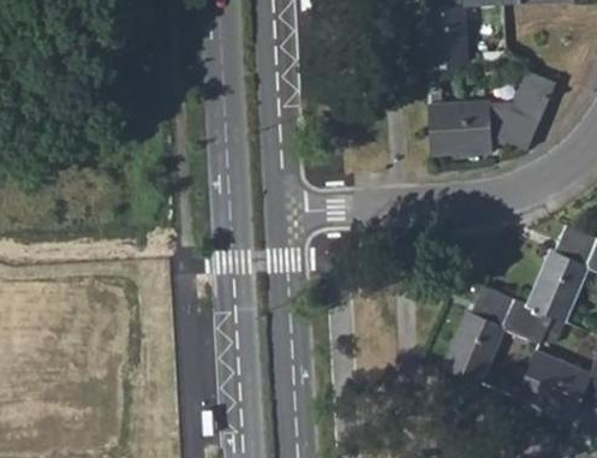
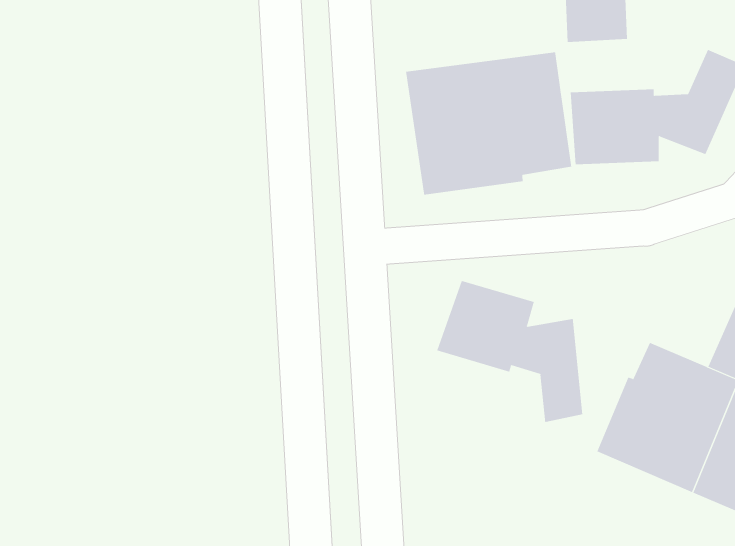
building: none -> [406,51,572,196]
building: none -> [436,280,583,423]

